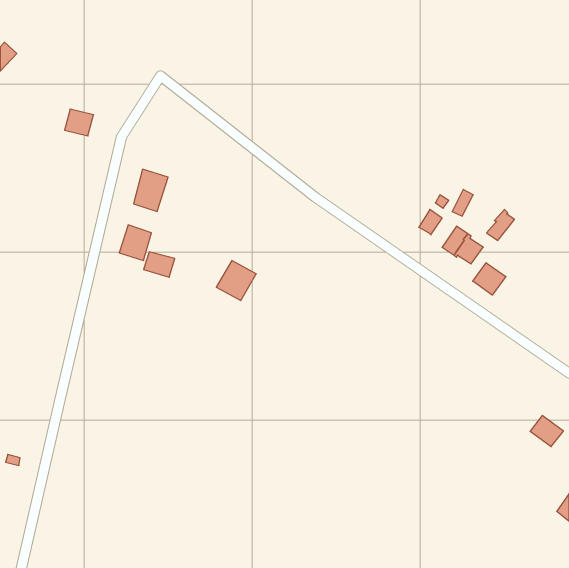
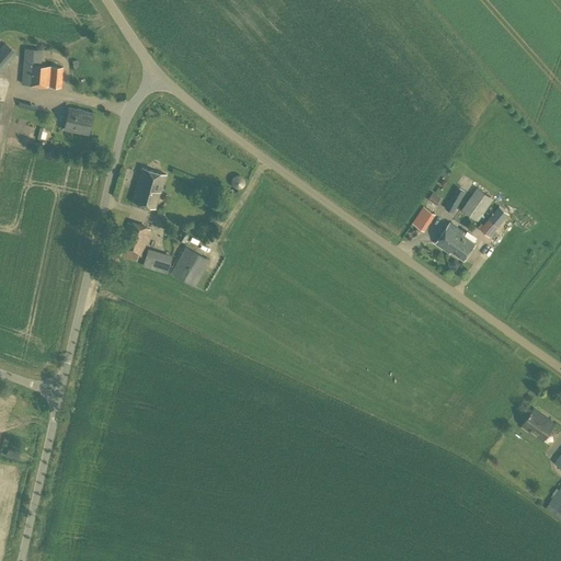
building: none -> [21,49,62,89]
building: none -> [461,188,493,222]
building: [216,261,256,301] -> [170,248,209,287]
building: [473,263,506,295] -> none

